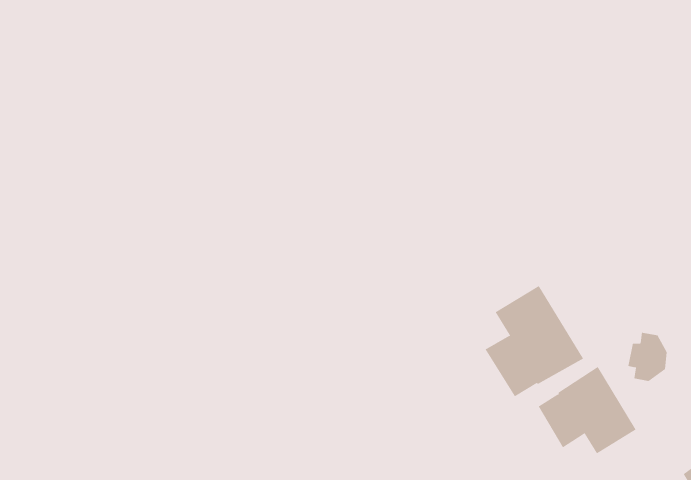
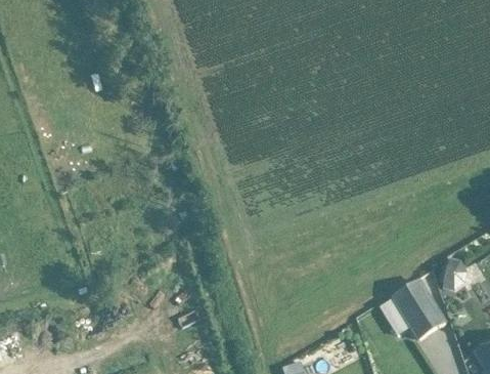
building: [485,285,584,397] -> none

